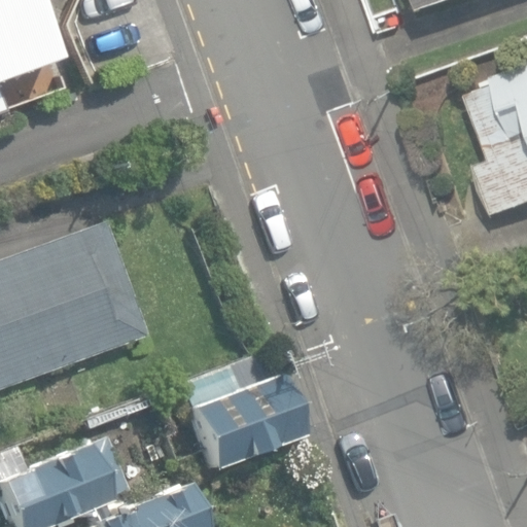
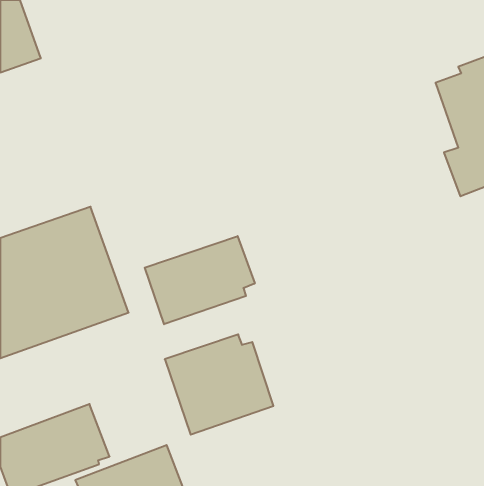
building: none -> [145,236,255,324]

